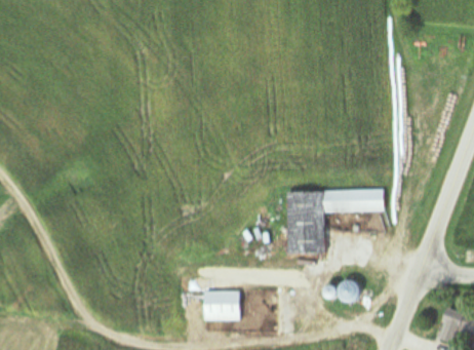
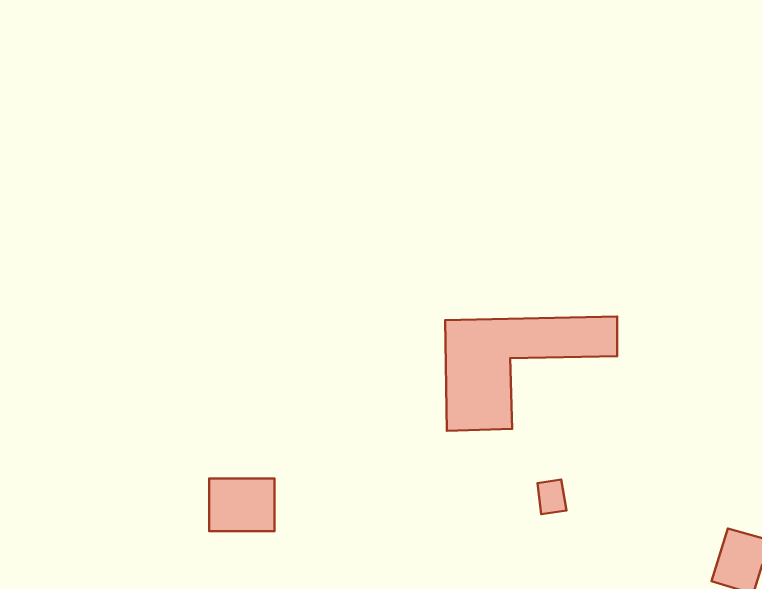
building: [204,290,241,320] -> [209,479,274,531]

